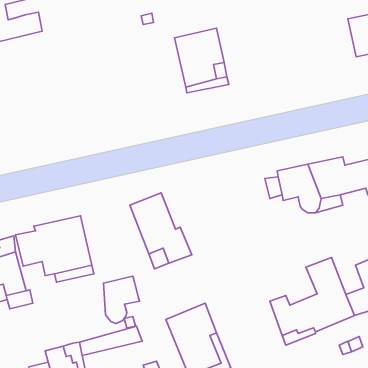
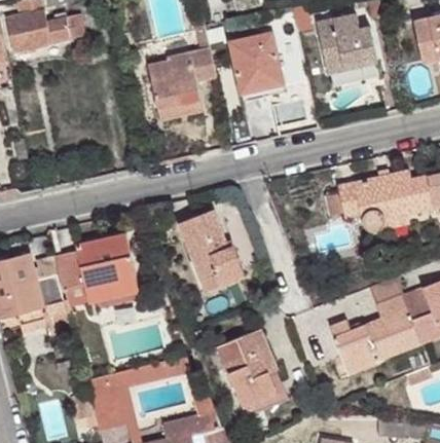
building: none -> [317,13,378,73]
building: none -> [148,37,216,114]
building: [103,276,139,324] -> none

